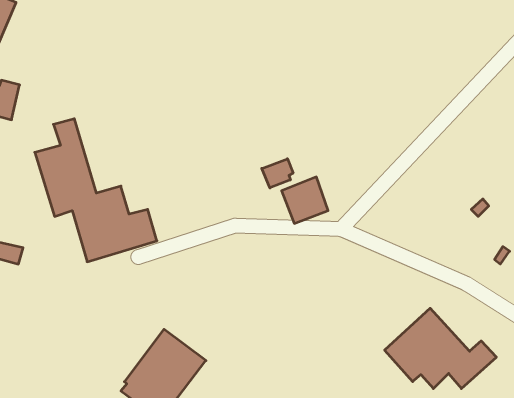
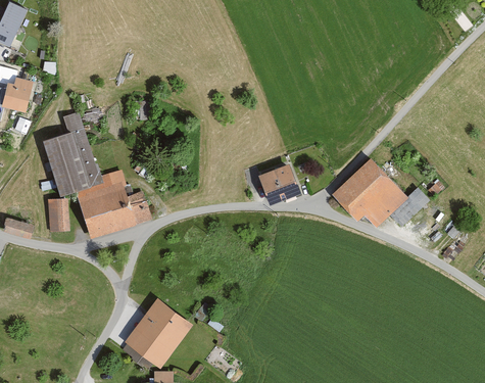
building: [262,159,293,188] -> none
building: none -> [47,199,68,233]
building: [385,308,496,389] -> [333,157,431,228]

